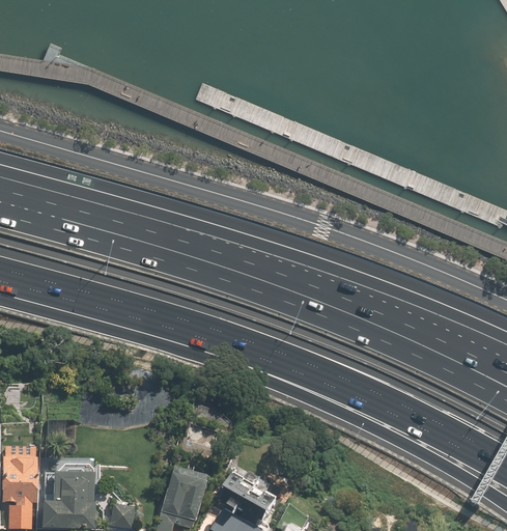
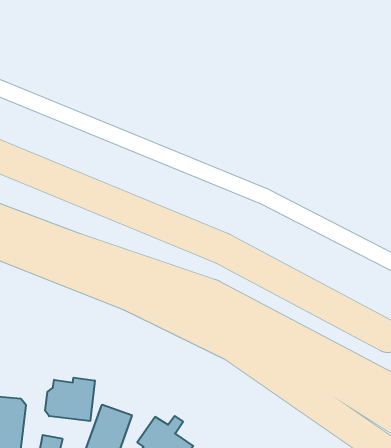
building: none -> [45,378,95,421]

